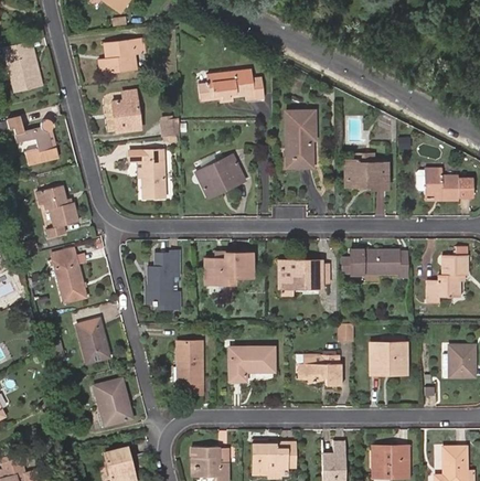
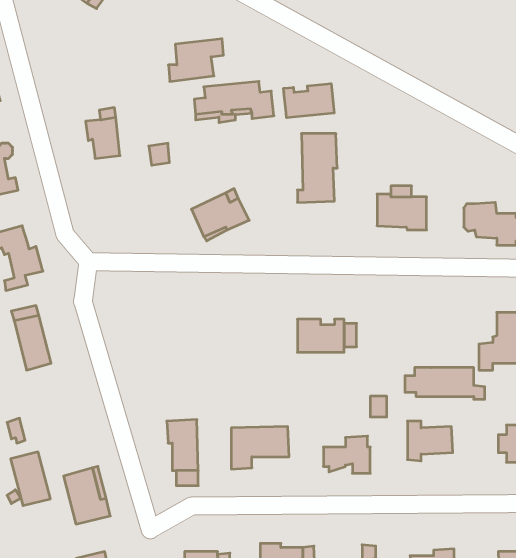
building: [100,39,145,73] -> [168,39,223,81]
building: none -> [284,84,334,118]
building: [129,150,164,199] -> none
building: [149,250,180,307] -> none
building: [343,250,407,276] -> [405,368,485,399]
building: [206,253,253,284] -> none
building: [77,319,109,362] -> [11,452,50,506]

